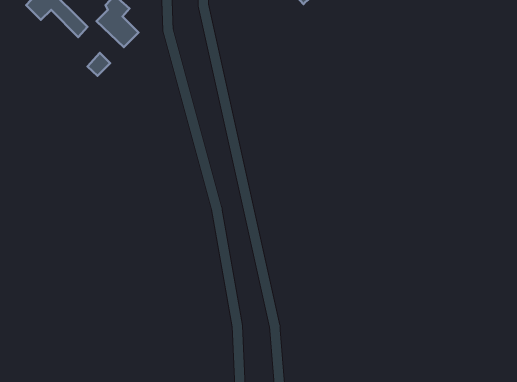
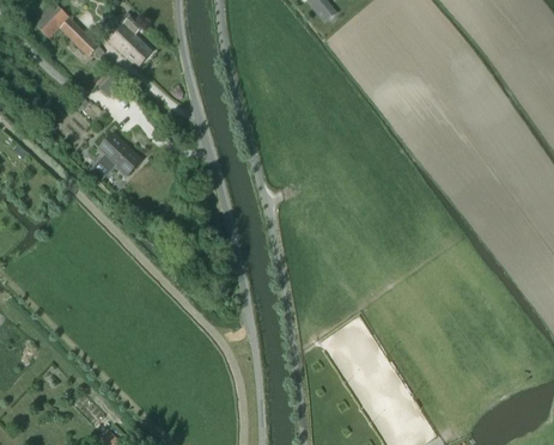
building: none -> [89,133,141,182]

